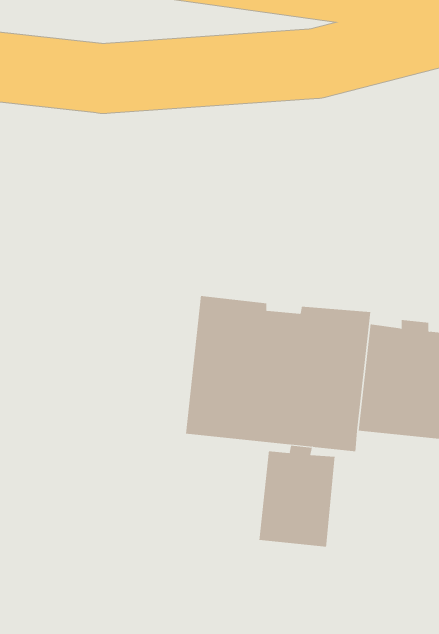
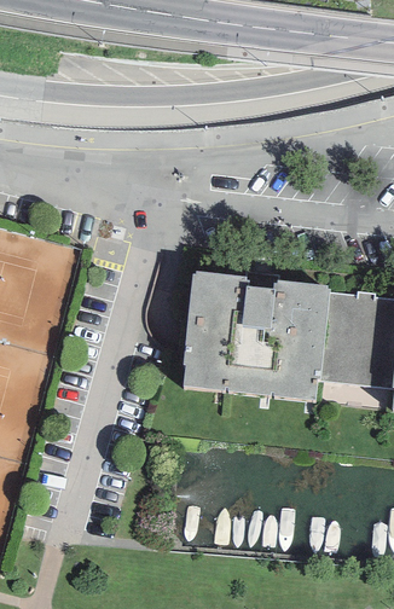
building: [259,445,335,548] -> none

